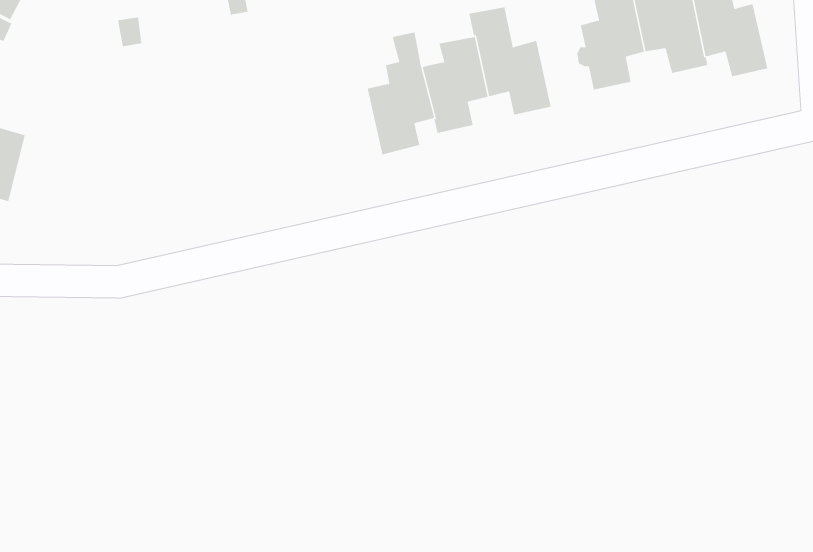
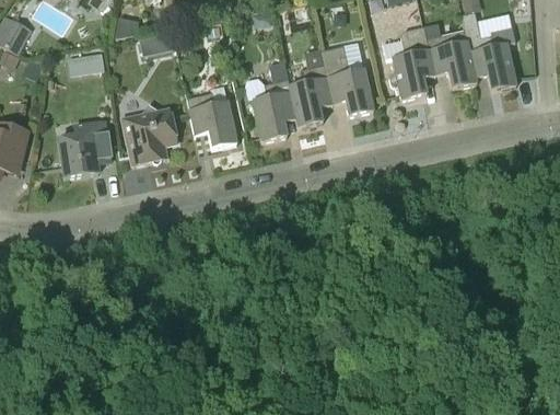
building: none -> [187,91,237,149]
building: none -> [122,104,177,166]
building: none -> [58,118,112,177]

